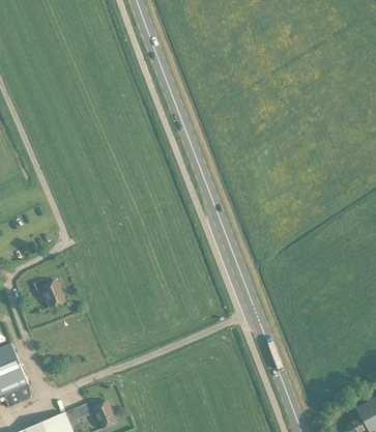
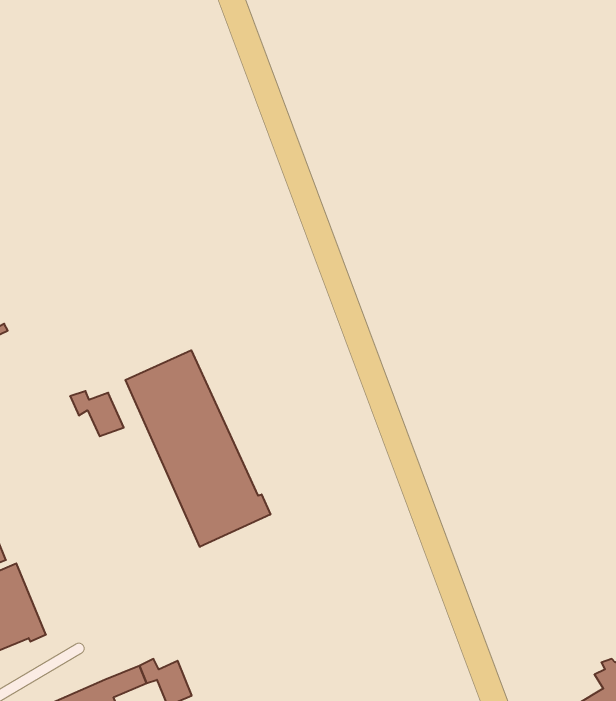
building: none -> [125,350,270,547]
building: [33,280,65,307] -> [70,391,124,436]

